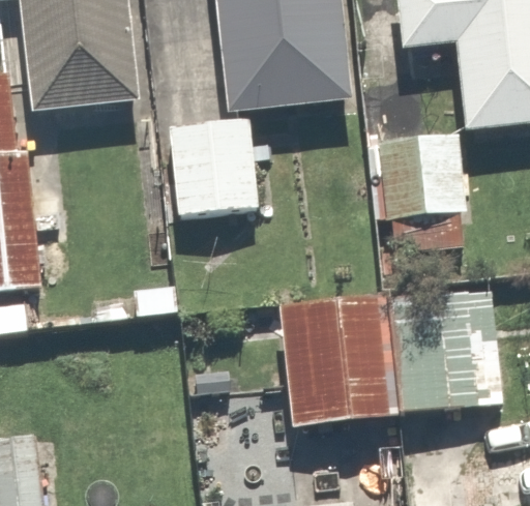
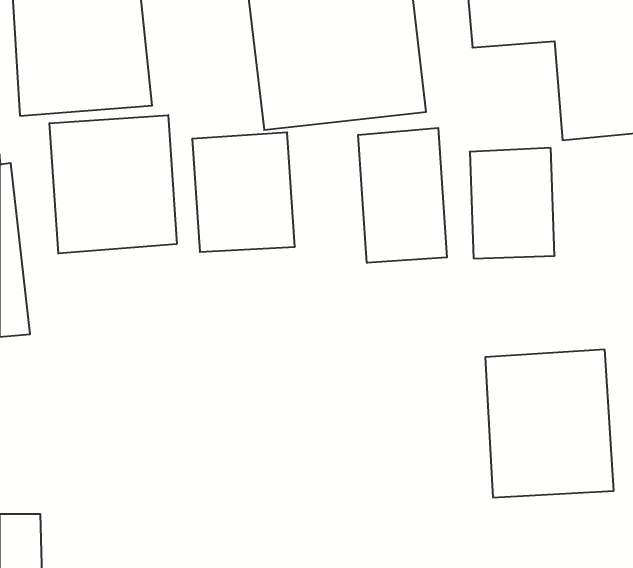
building: none -> [50,115,177,254]
building: none -> [358,128,447,263]
building: [285,315,394,442] -> none

